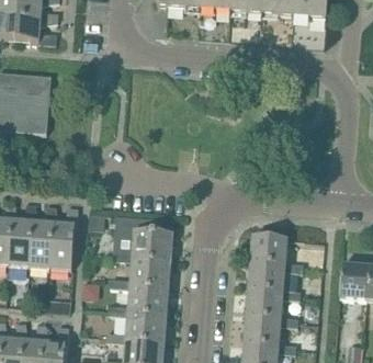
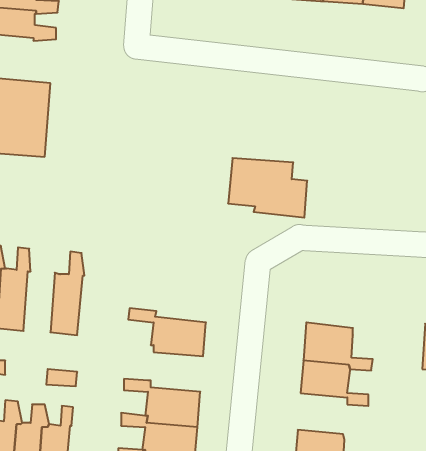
building: [30,205,58,269] -> none
building: [112,215,173,261] -> [228,158,307,218]
building: [249,234,302,271] -> none
building: [110,277,169,315] -> none
building: [242,316,296,353] -> none

